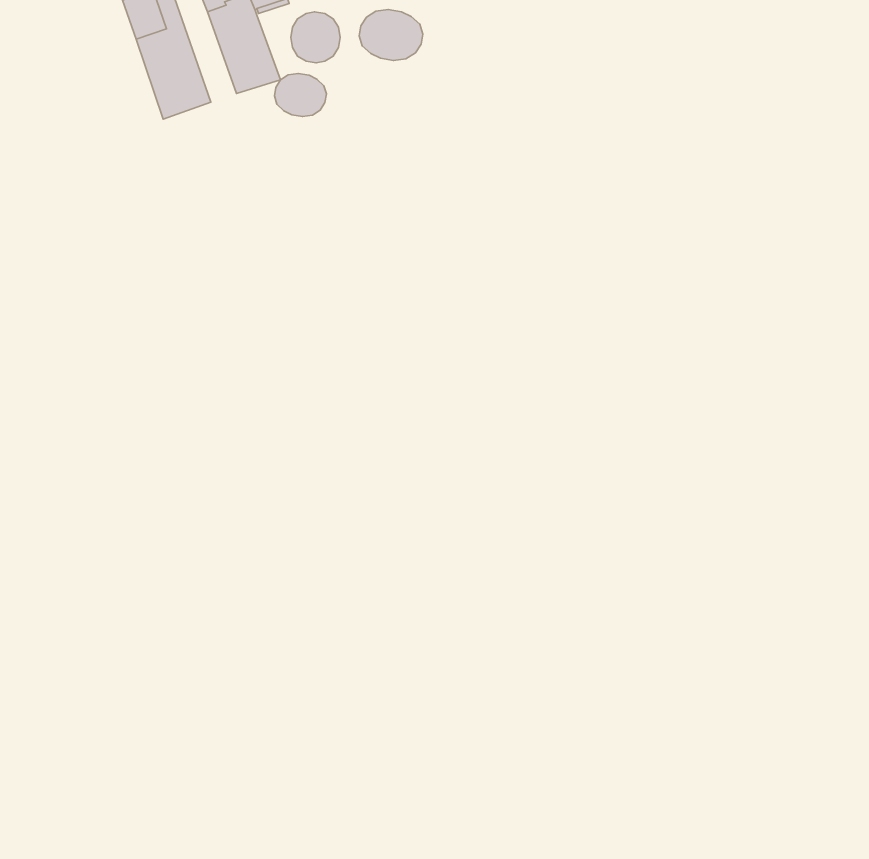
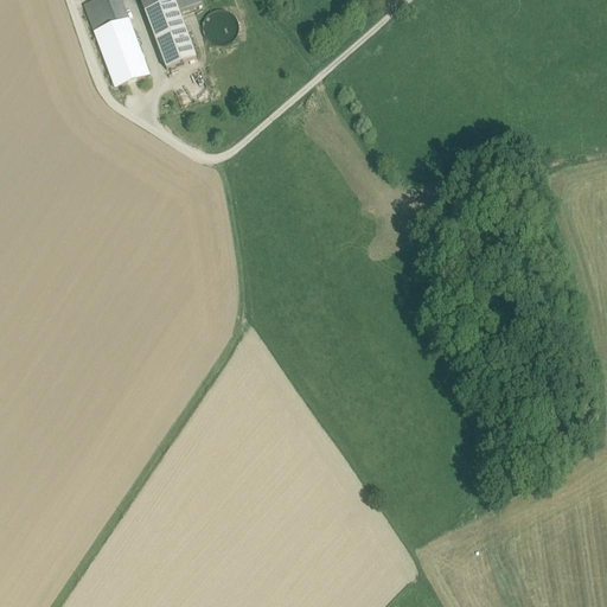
building: [359,10,423,61] -> none
building: [274,73,326,117] -> none

